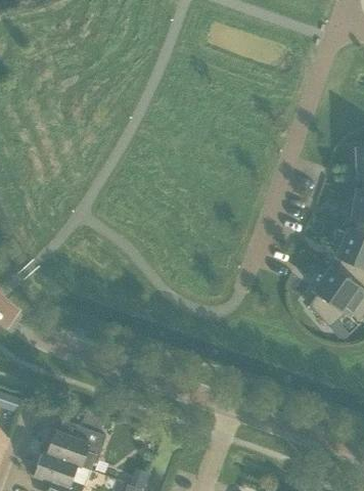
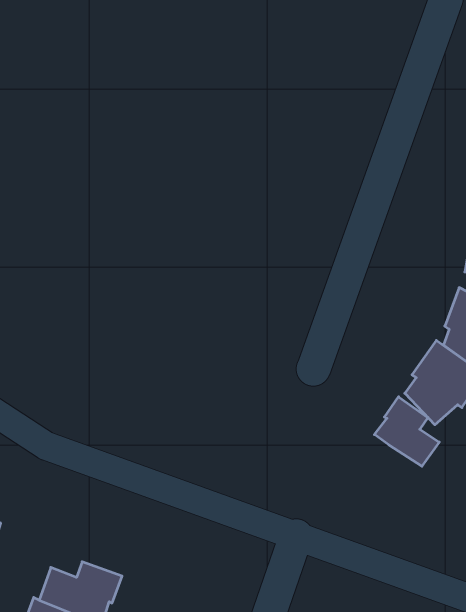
building: none -> [374,397,439,466]

